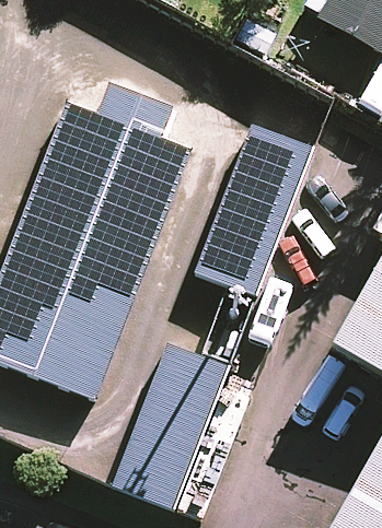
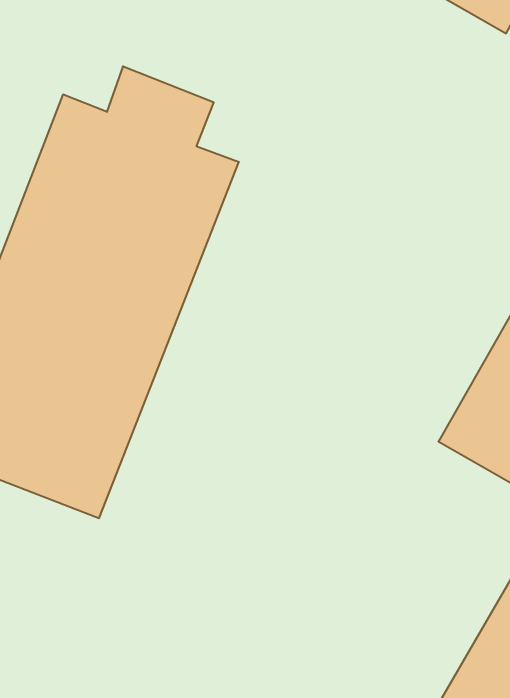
building: [194,122,311,293] -> none
building: [113,341,230,507] -> none

